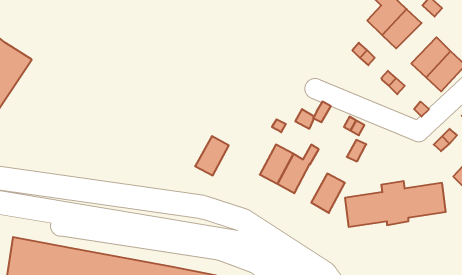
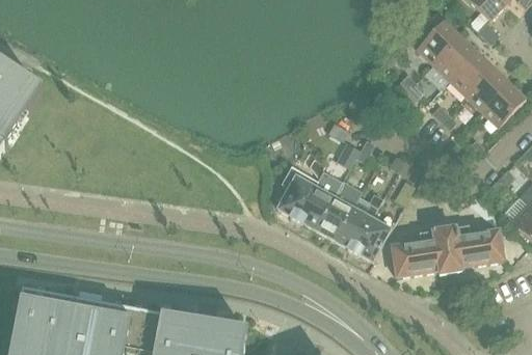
building: none -> [448,48,493,92]
building: [195,136,229,175] -> [276,172,314,216]
building: none -> [335,199,377,247]

